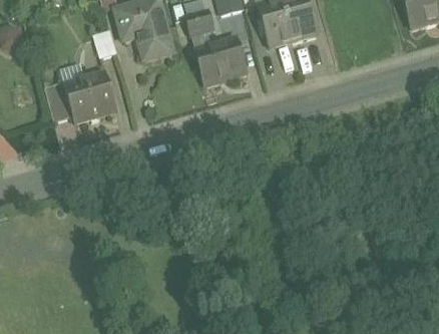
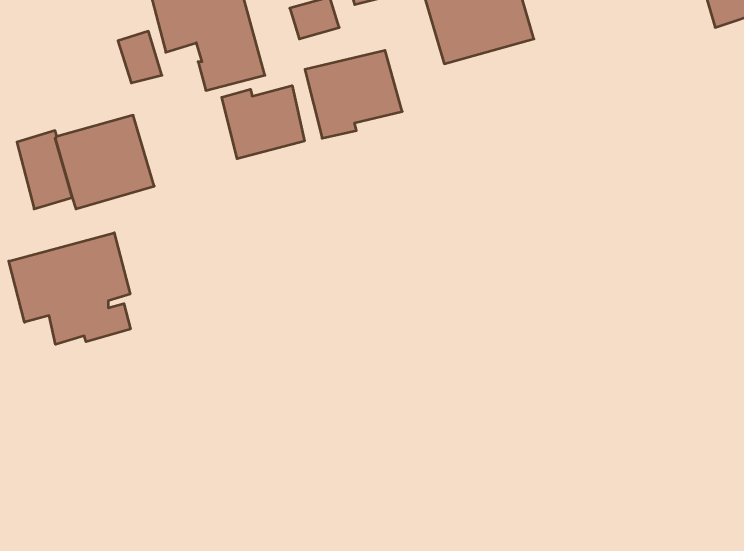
building: none -> [222,86,304,159]
building: none -> [9,233,130,344]

